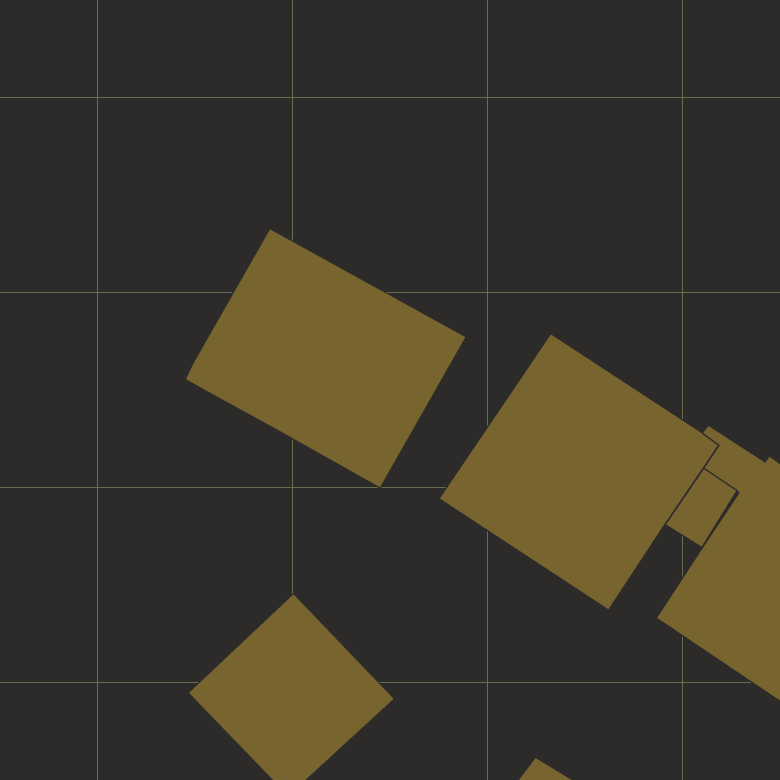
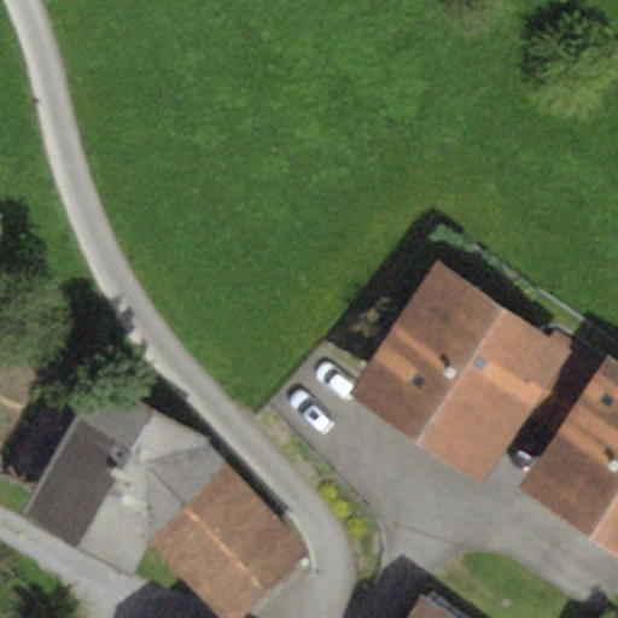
building: [185,228,466,488] -> none
building: none -> [19,377,233,576]

